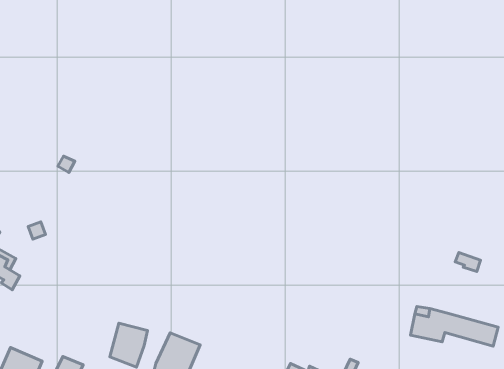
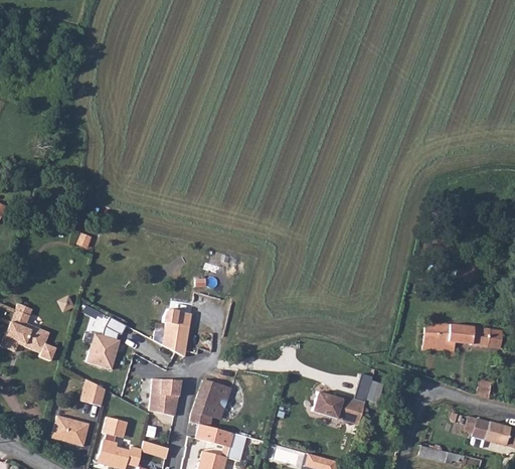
building: none -> [87,316,125,368]
building: none -> [162,309,192,357]
building: none -> [79,377,106,407]

